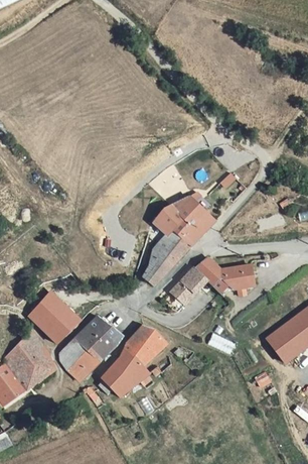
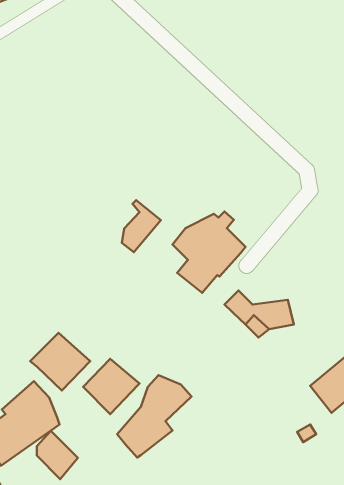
building: [141,241,174,285] -> [122,200,161,252]
building: [168,268,206,305] -> none
building: [60,339,96,380] -> [37,431,78,479]

